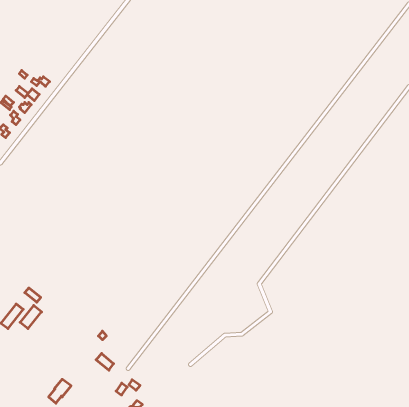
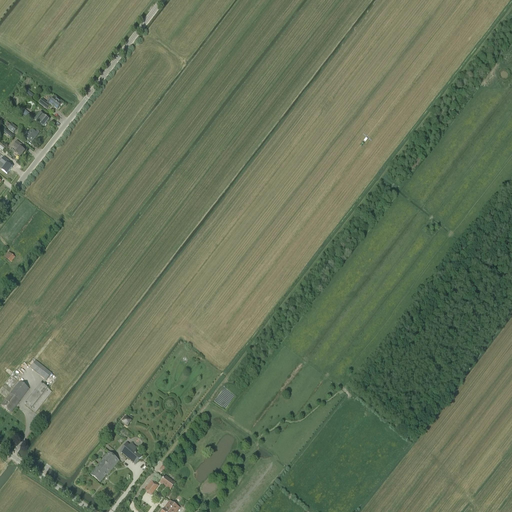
building: [49,379,71,403] -> [91,451,119,481]

